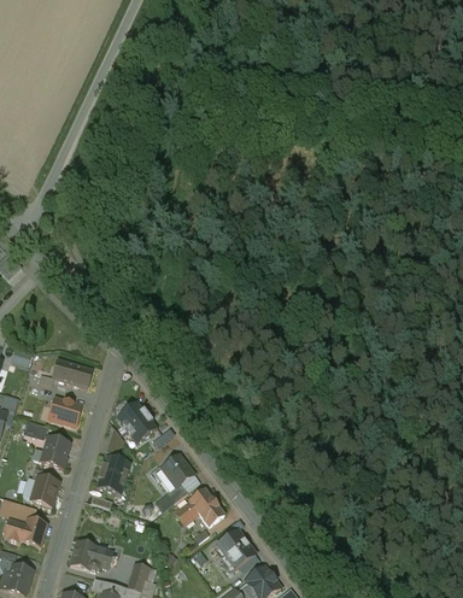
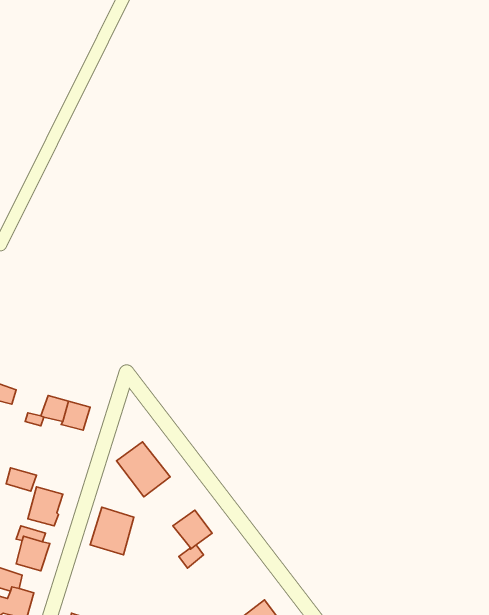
building: [43,395,78,426] -> none
building: [174,489,223,527] -> none

